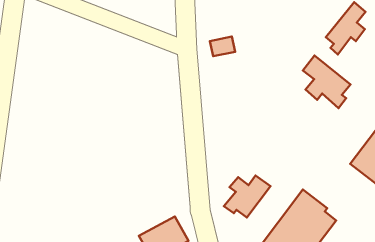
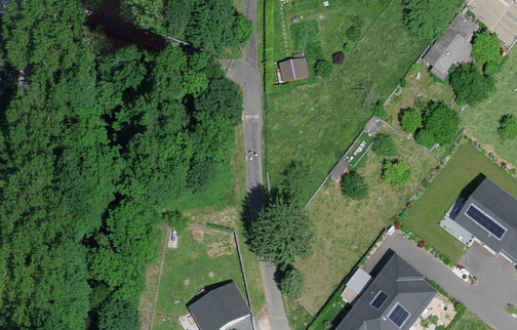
building: [303,55,350,108] -> none
building: [224,175,270,218] -> none

